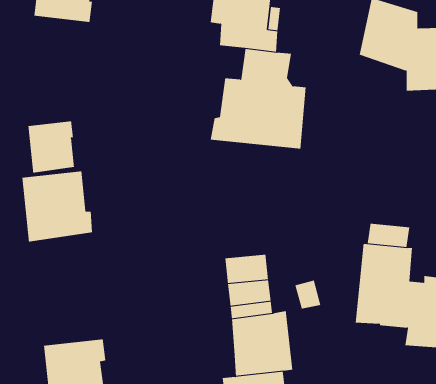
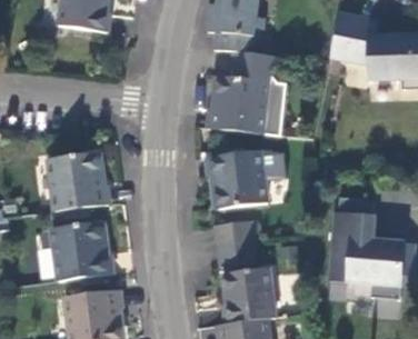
building: [28,121,74,174] -> none
building: none -> [206,151,266,208]
building: none -> [53,222,112,280]

